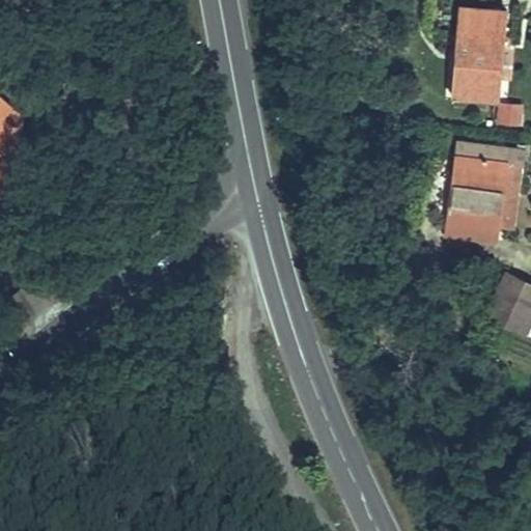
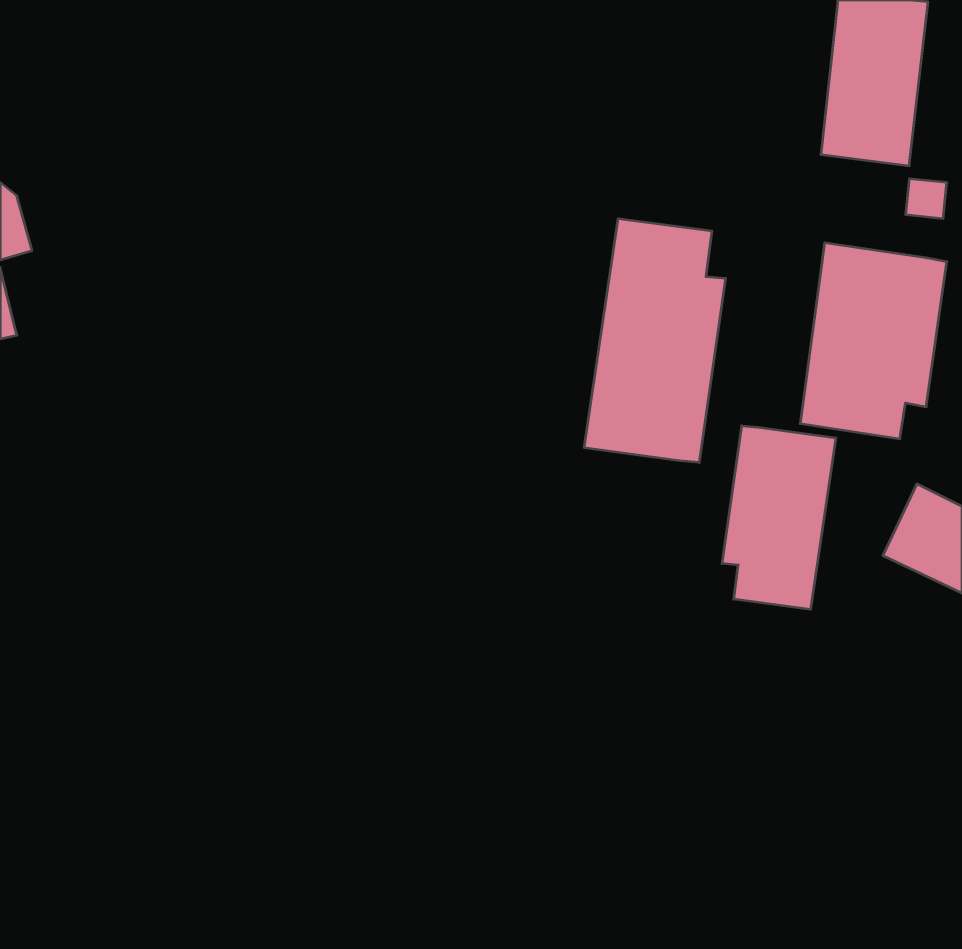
building: none -> [584,219,726,463]
building: none -> [722,426,836,609]

